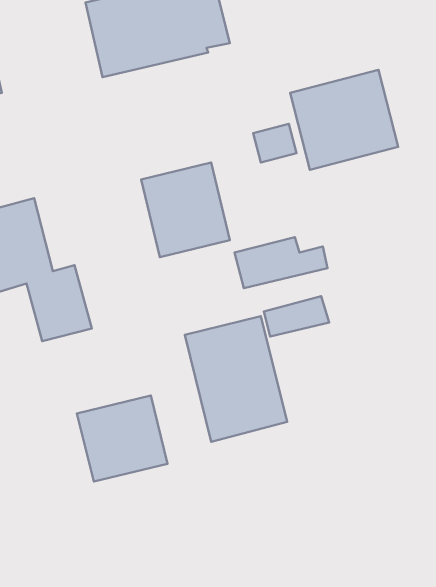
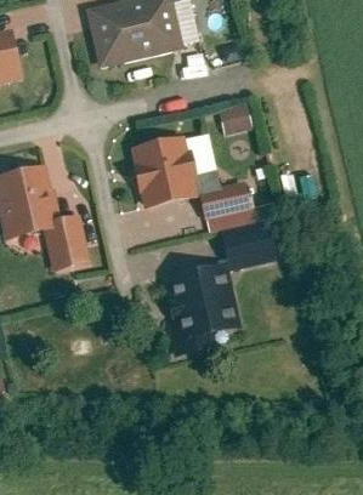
building: [290,70,398,170] -> none
building: [77,396,168,482] -> none

